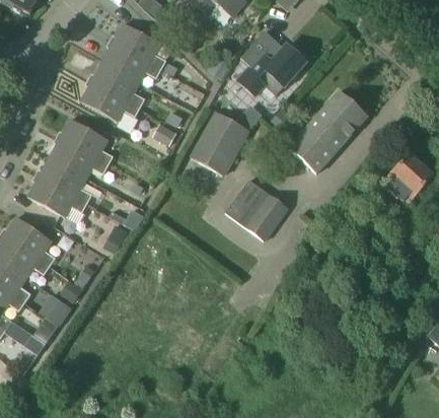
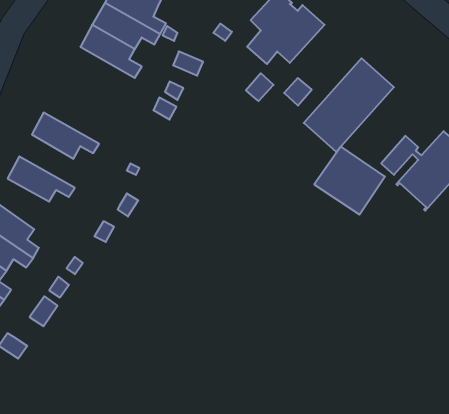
building: [80,79,139,120] -> none
building: [191,116,246,179] -> none
building: [59,117,113,164] -> none
building: [38,156,91,203] -> none
building: [227,183,289,242] -> [314,146,385,215]

